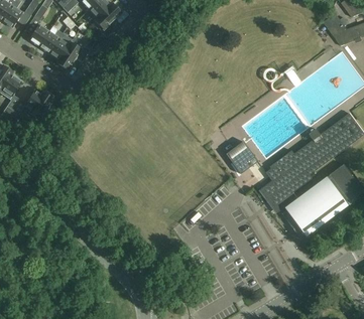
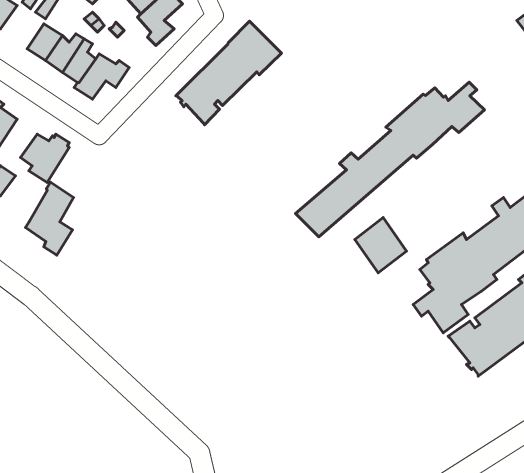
building: none -> [176,21,282,125]
building: none -> [296,82,484,237]
building: none -> [26,182,74,255]

